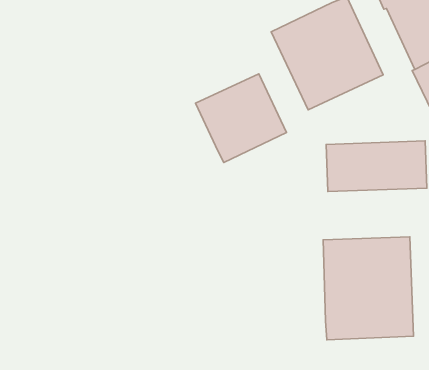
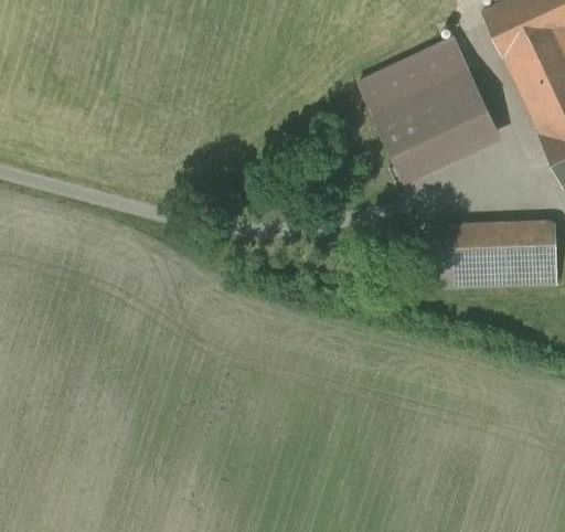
building: [196,74,286,162] -> none
building: [323,237,413,340] -> none

